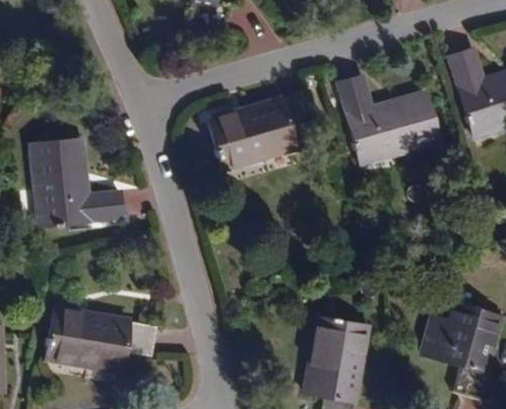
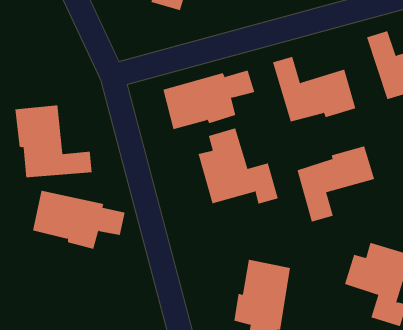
building: none -> [198,128,279,204]
building: none -> [297,145,375,223]
building: [42,303,152,373] -> [32,190,125,249]

